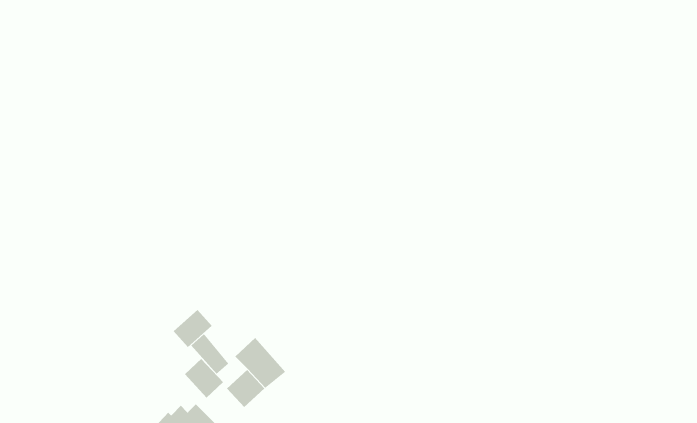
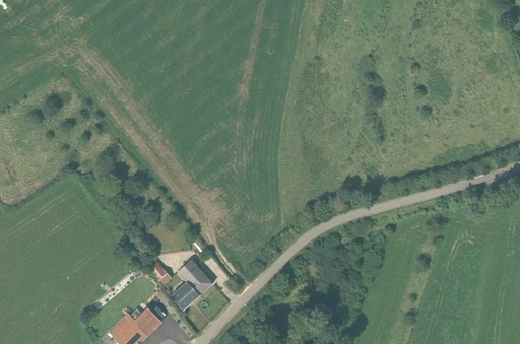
building: [173,309,212,348] -> none
building: [184,358,224,398] -> none

